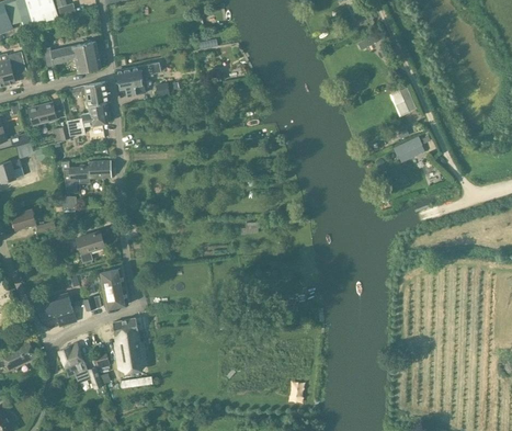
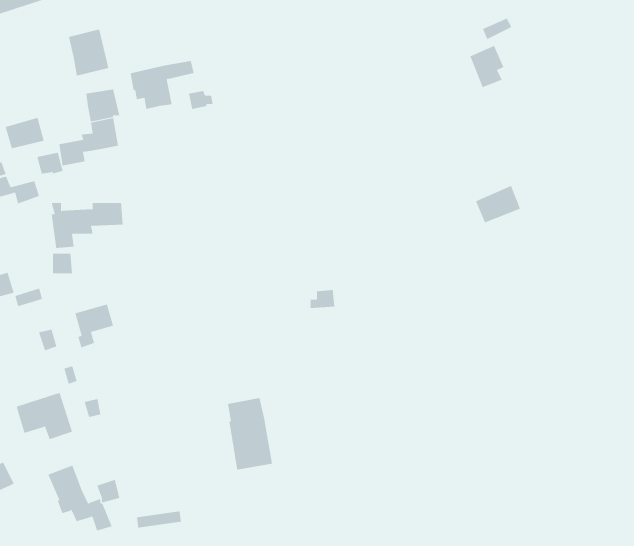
building: [44,46,77,67] -> none
building: [391,86,416,115] -> [469,45,504,88]
building: [396,135,428,161] -> [475,185,521,223]
building: [100,268,129,309] -> none
building: [113,318,145,368] -> [227,397,273,470]

